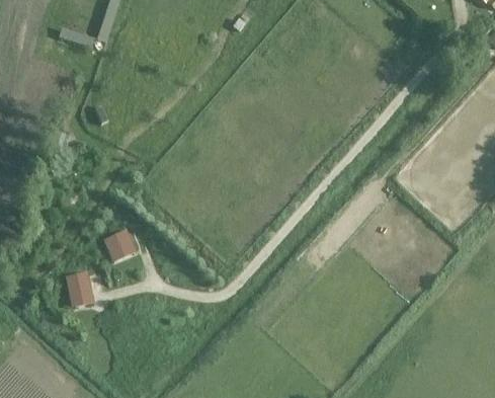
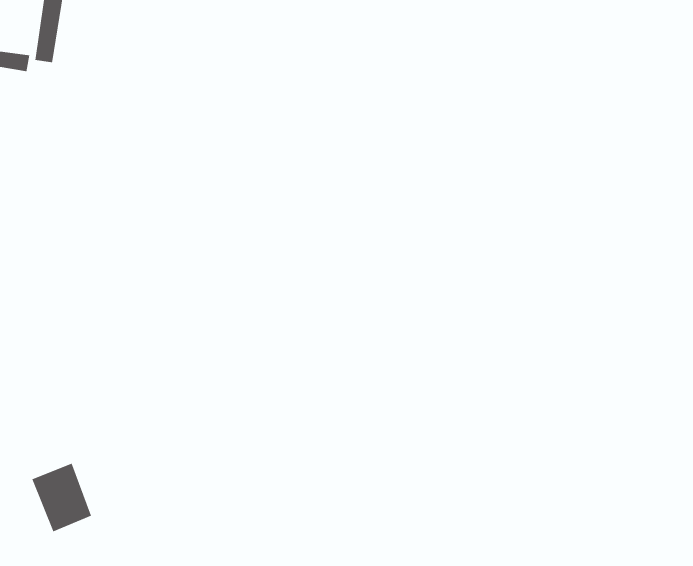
building: [104,228,138,261] -> none

